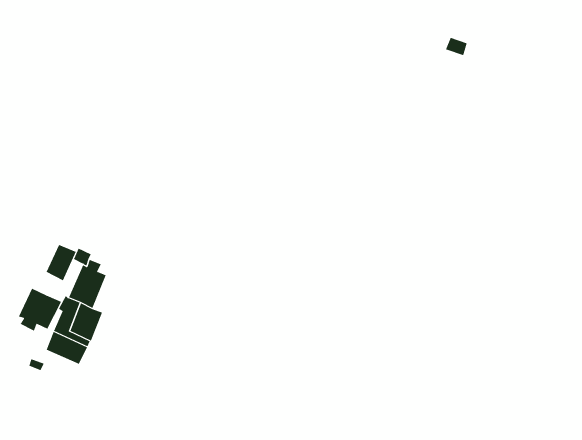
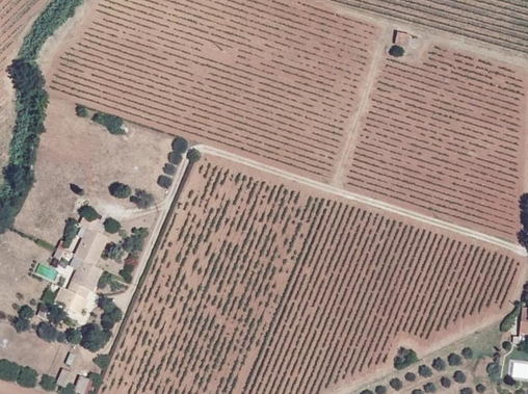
building: [46,244,76,281] -> none
building: [18,288,62,331] -> none

